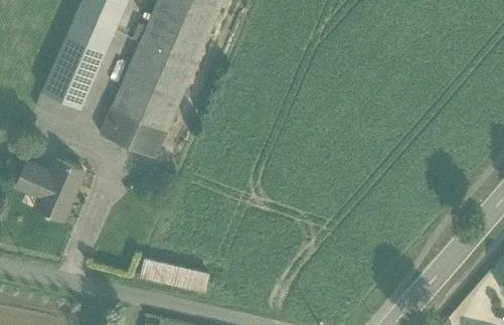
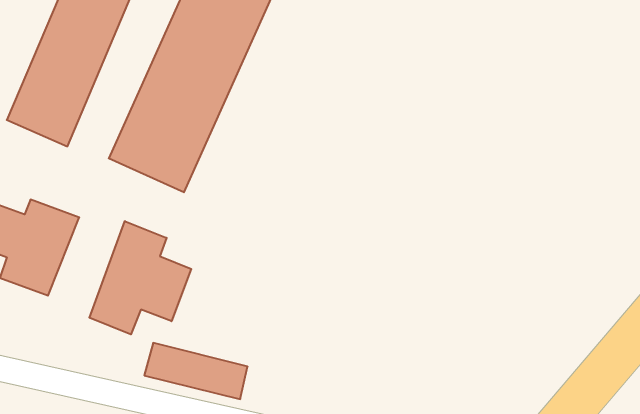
building: none -> [89,221,191,334]

